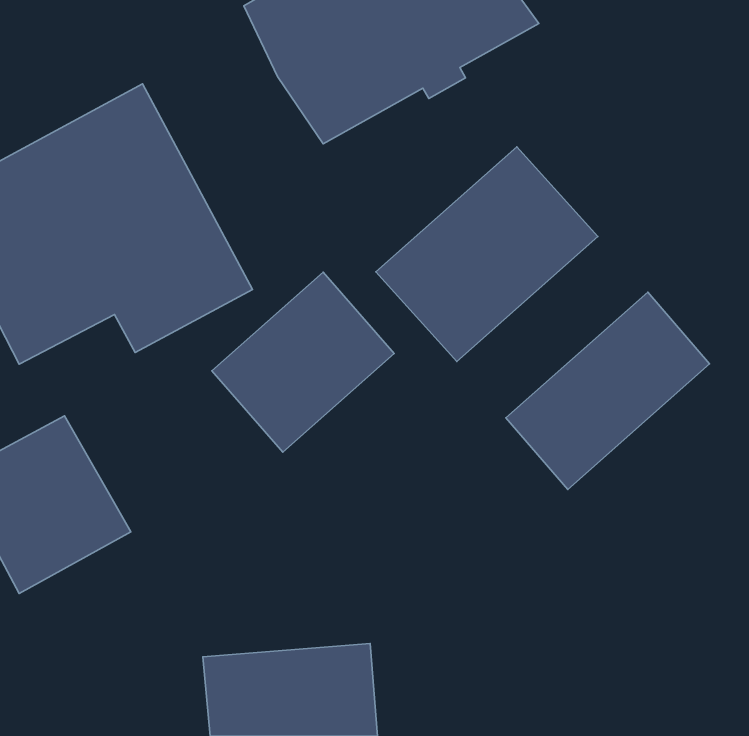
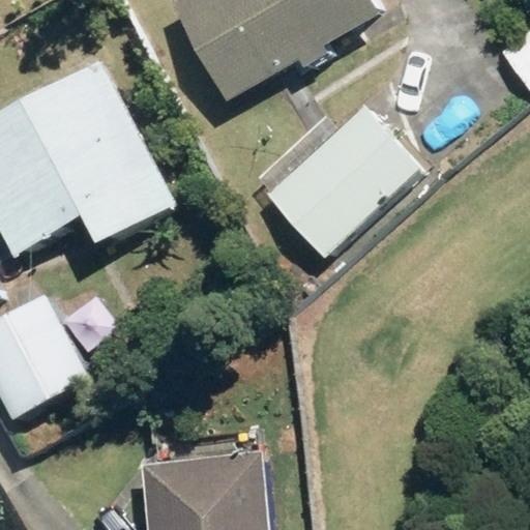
building: [212,272,394,452] -> none
building: [506,292,710,489] -> none

